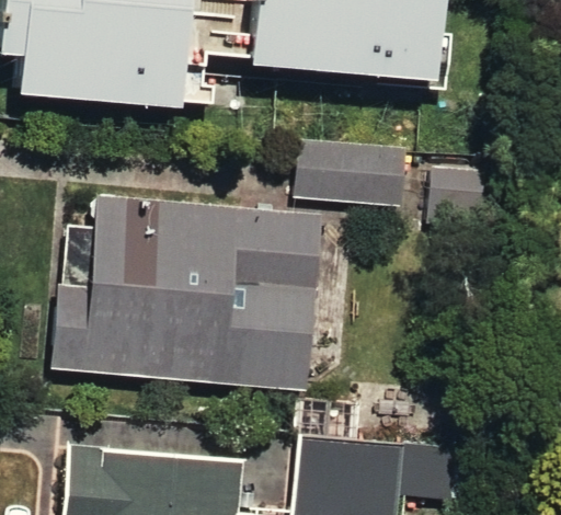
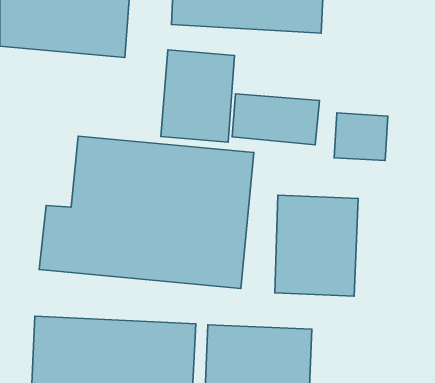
building: none -> [161,50,234,142]
building: none -> [275,195,358,296]

